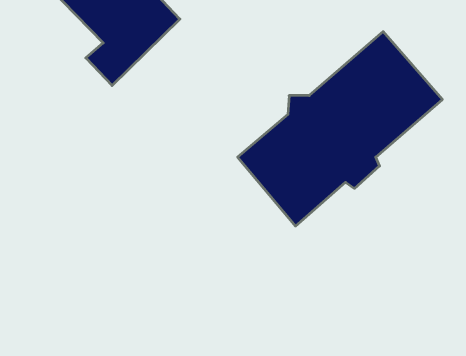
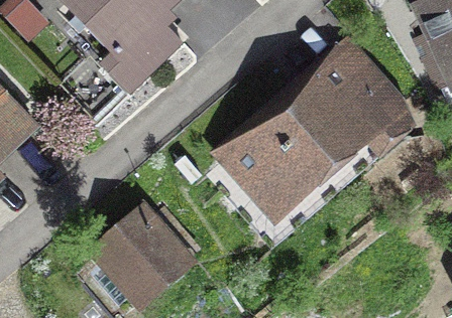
building: none -> [90,225,172,304]

